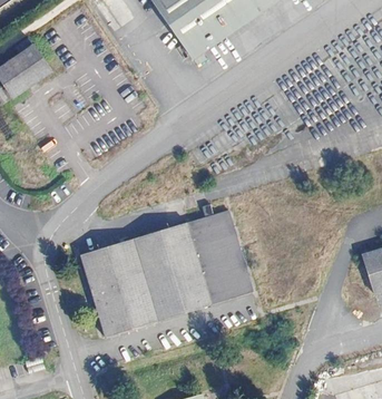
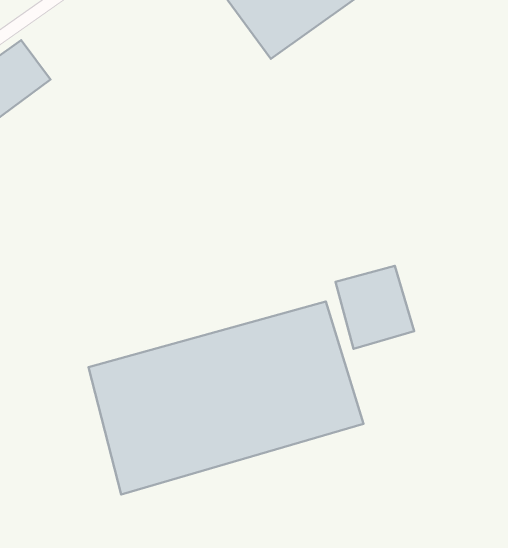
building: none -> [336,266,414,349]

